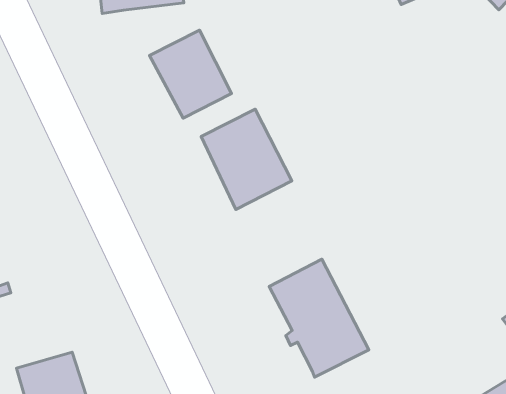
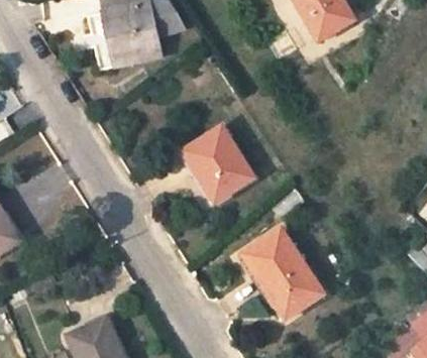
building: [149,30,232,118] -> none

